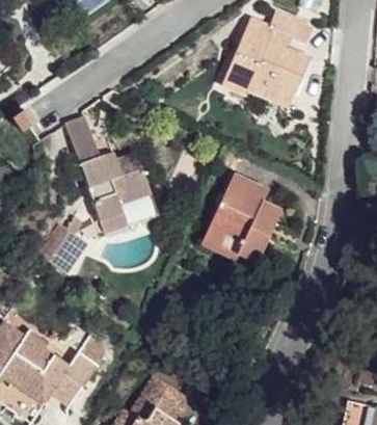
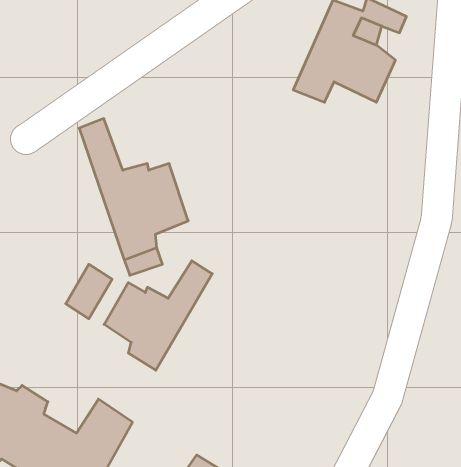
building: [206,185,287,276] -> none
building: none -> [104,261,212,370]

